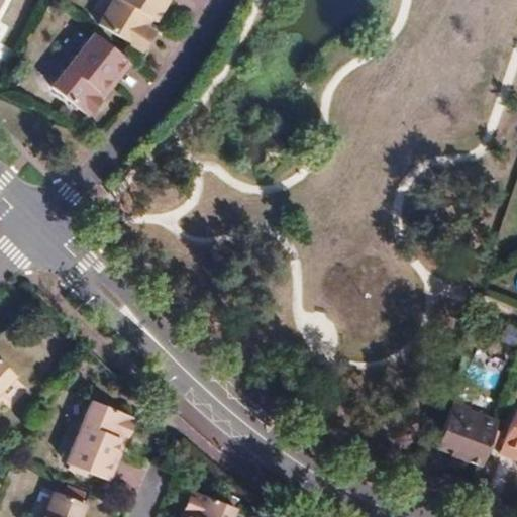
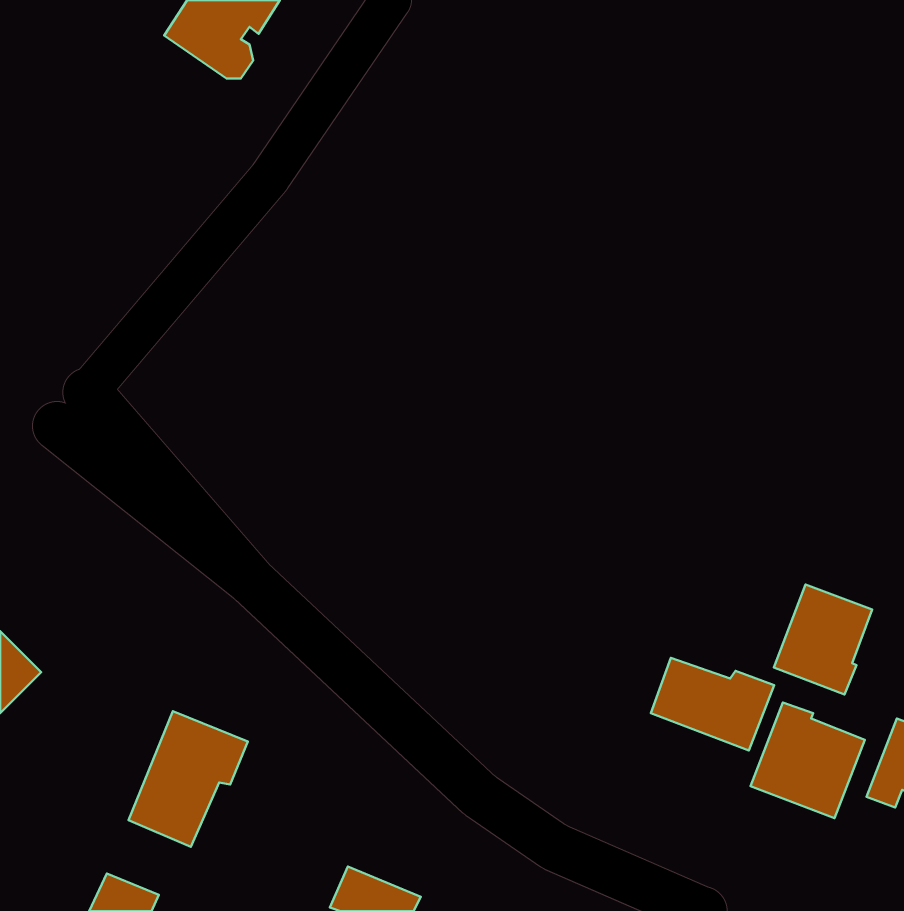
building: [51,33,126,114] -> none
building: none -> [774,584,872,695]
building: none -> [651,658,774,751]

